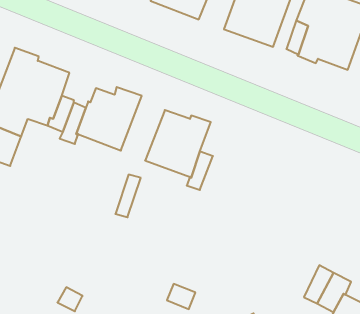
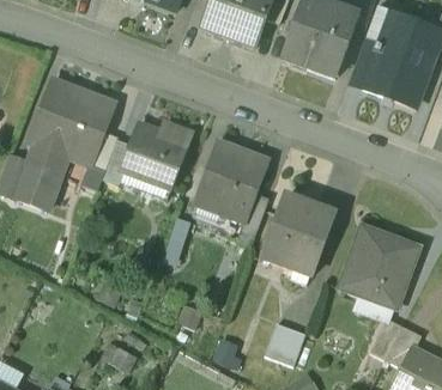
building: none -> [262,194,333,275]
building: none -> [338,224,418,307]
building: none -> [264,322,305,365]

